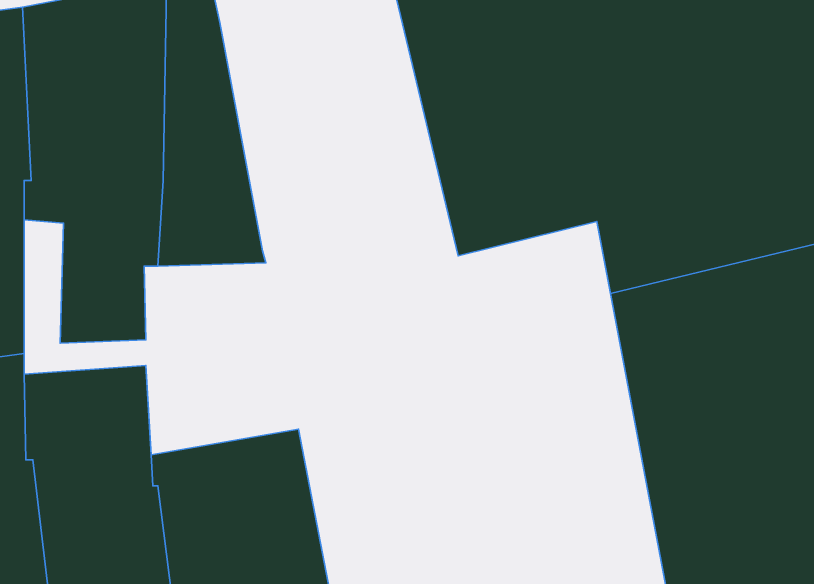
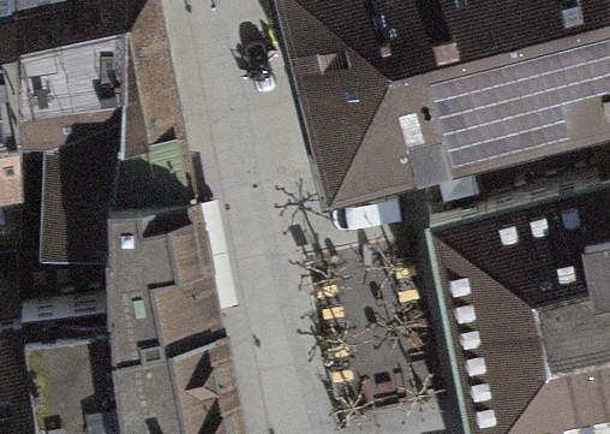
building: none -> [104,189,213,323]

